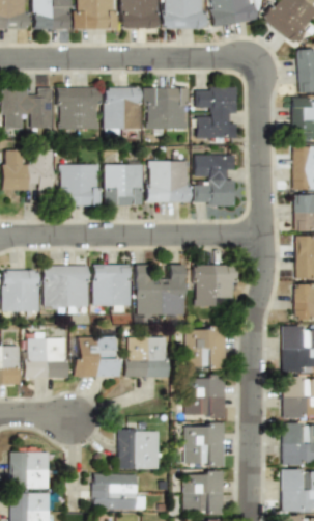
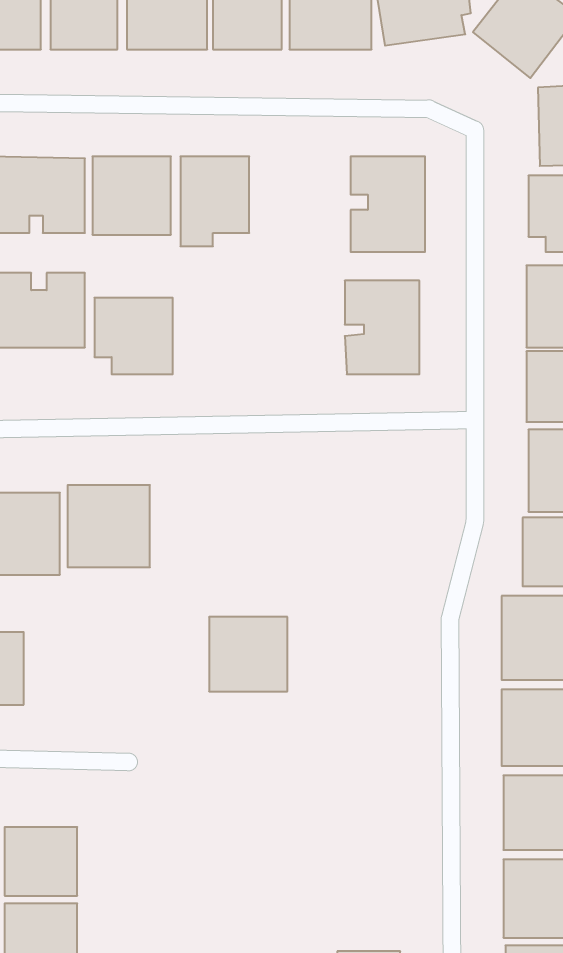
building: [146,87,191,131] -> none
building: [147,161,190,203] -> none
building: [106,163,143,205] -> none
building: [92,265,130,311] -> none
building: [134,265,183,318] -> none
building: [192,265,234,307] -> none
building: [181,327,224,369] -> none
building: [24,334,66,379] -> none
building: [73,336,118,378] -> none
building: [183,375,224,418] -> none
building: [183,422,224,467] -> none
building: [115,429,156,469] -> none
building: [183,471,224,514] -> none
building: [92,474,145,510] -> none

